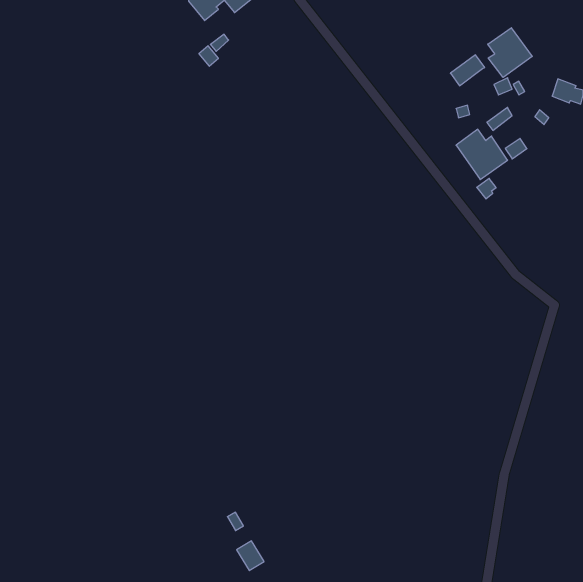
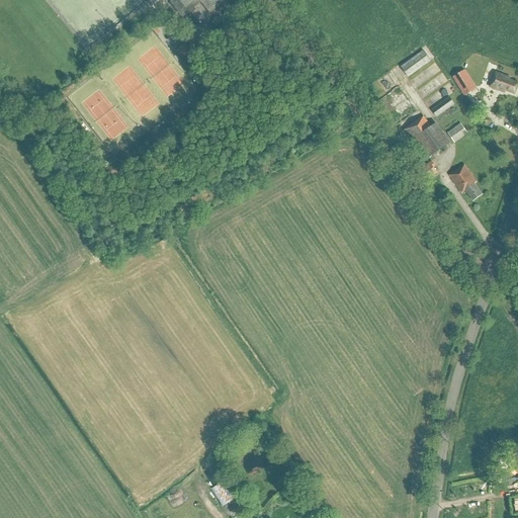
building: [488,28,532,77] -> none
building: none -> [448,163,482,199]

